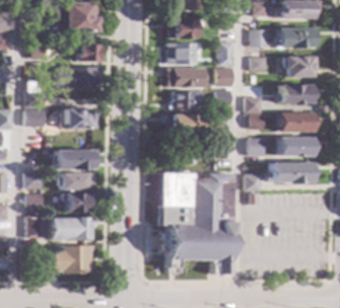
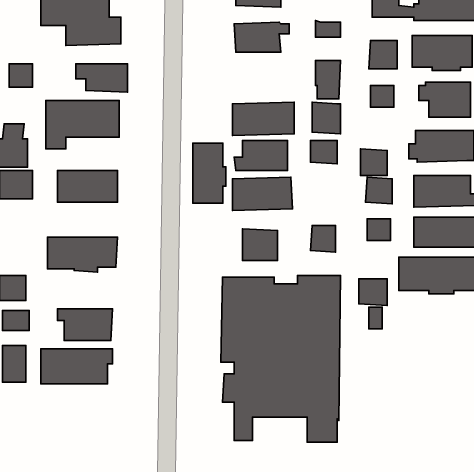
building: [167,44,197,64] -> none
building: none -> [193,143,226,203]
building: [63,173,96,189] -> none
building: [48,245,95,274] -> none

